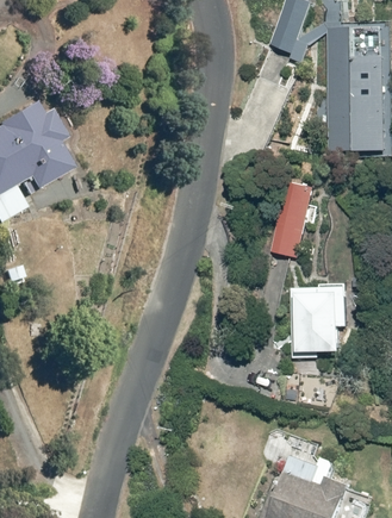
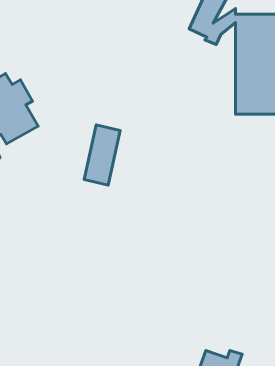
building: [267,180,313,257] -> [84,125,120,185]
building: [290,283,347,351] -> none

